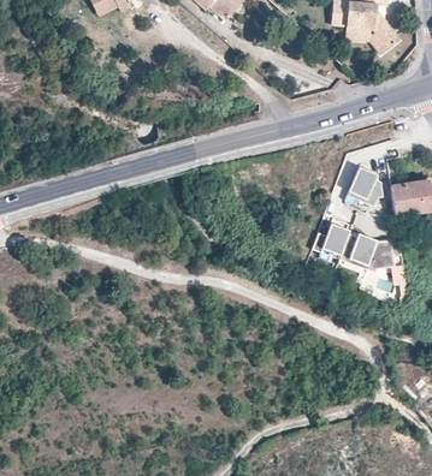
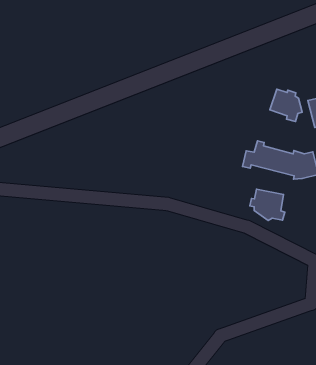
building: none -> [250,189,285,221]

